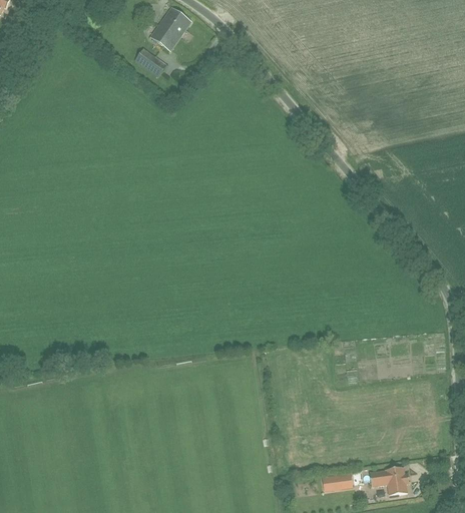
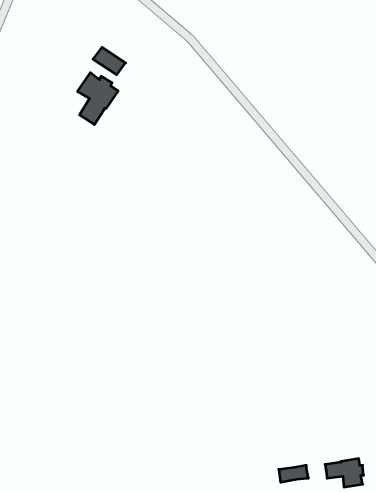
building: [149,8,190,51] -> none
building: none -> [78,73,118,125]

